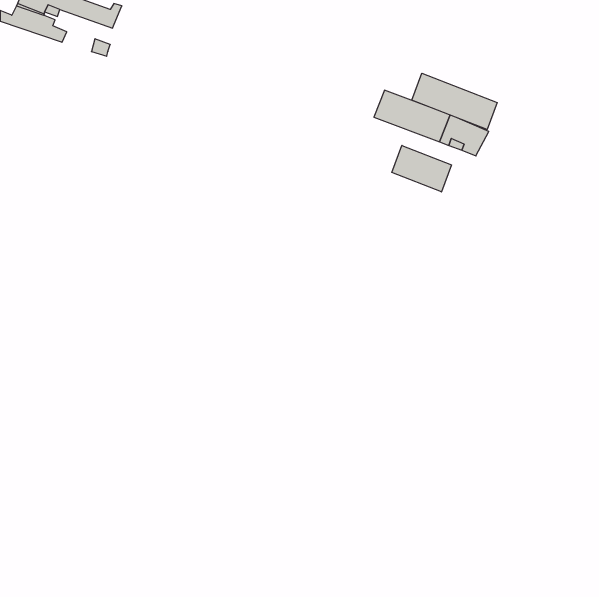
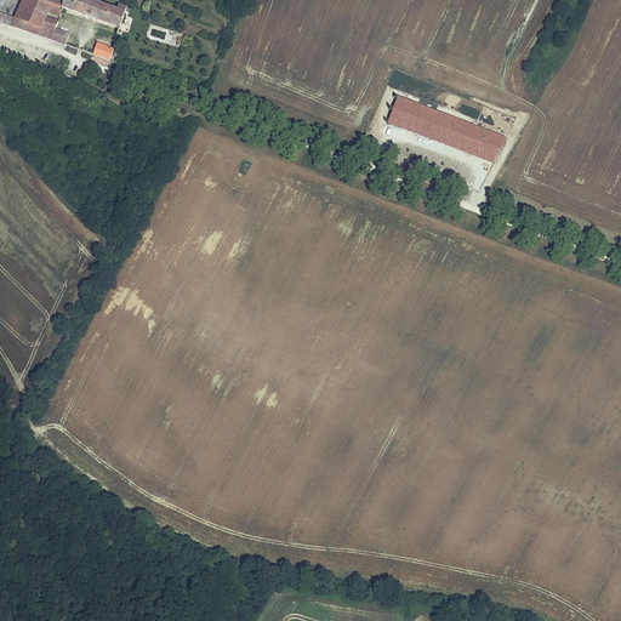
building: [412,73,497,129] -> none
building: [392,145,452,192] -> none

